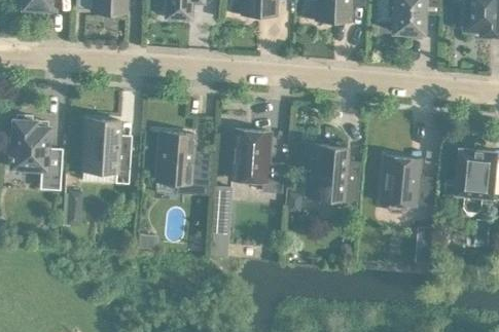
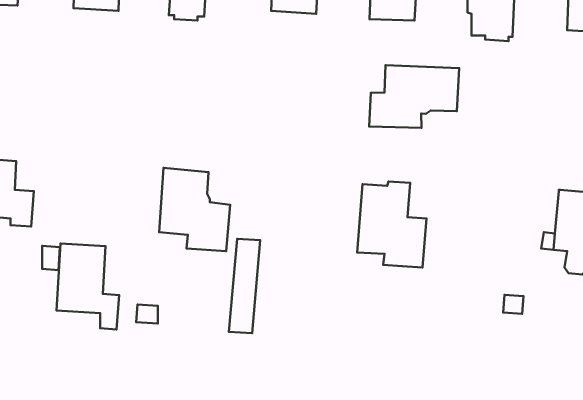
building: none -> [369,65,459,128]
building: [83,119,131,184] -> [57,243,119,329]
building: [231,130,284,192] -> none
building: [381,155,433,213] -> none

